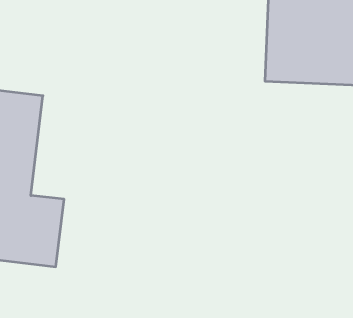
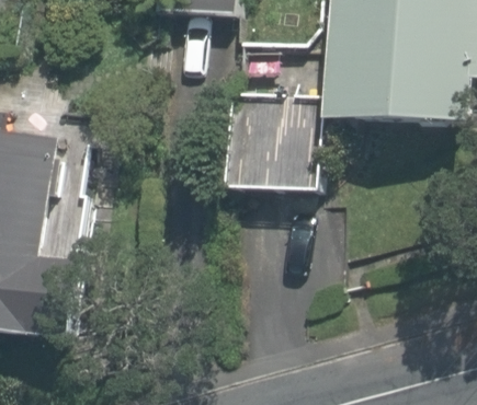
building: none -> [224,89,321,187]

